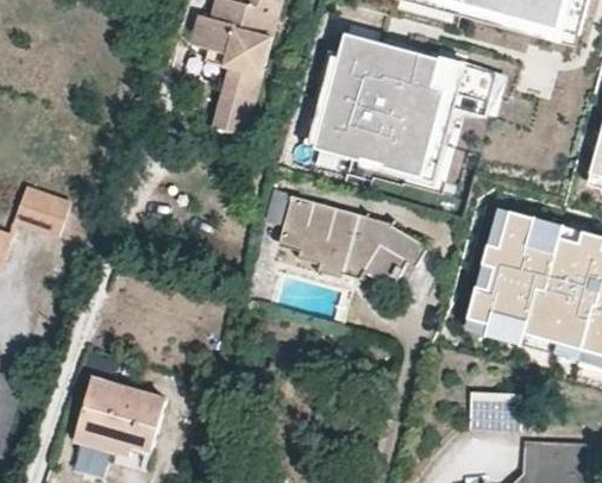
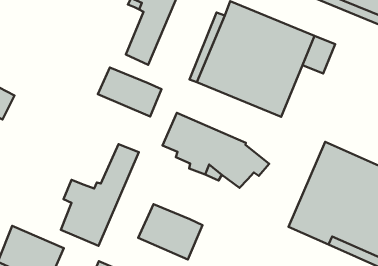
building: none -> [98,67,162,116]
building: none -> [61,144,139,246]
building: none -> [138,204,202,259]

